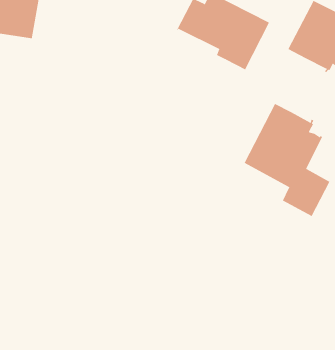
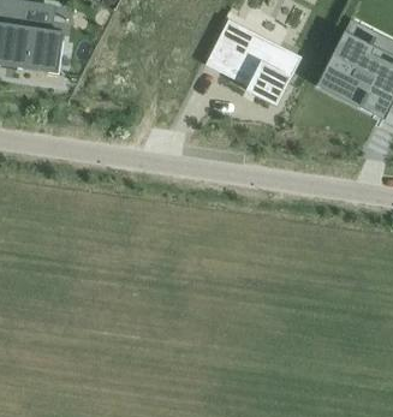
building: [244,103,330,217] -> none

